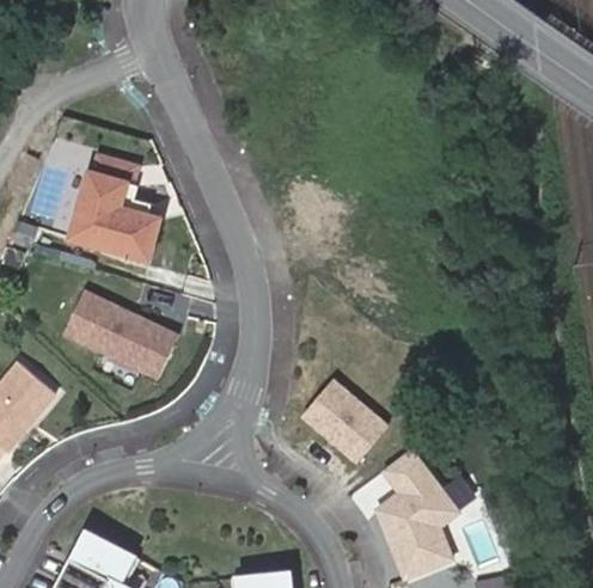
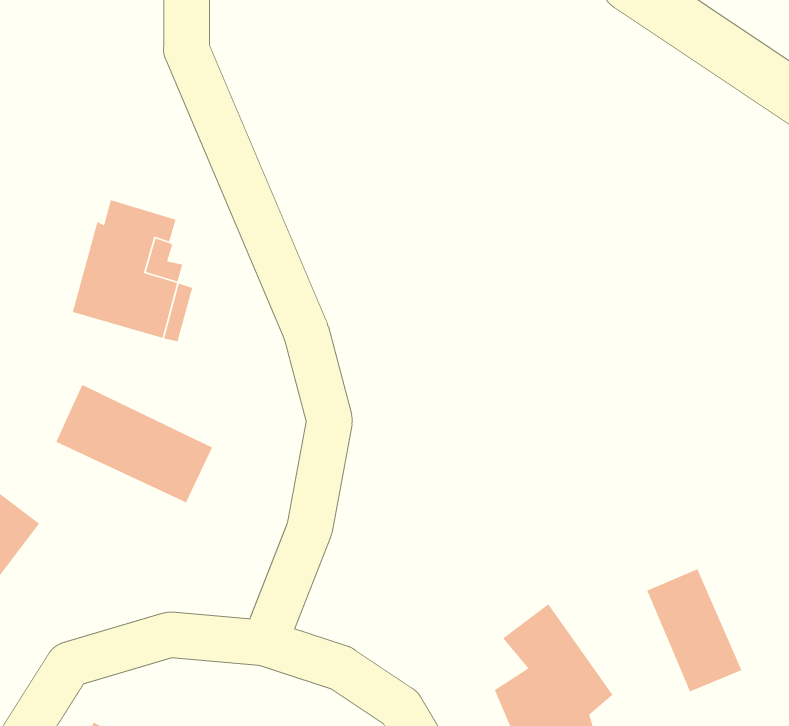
building: [301,376,391,464] -> none
building: none -> [646,568,743,693]

